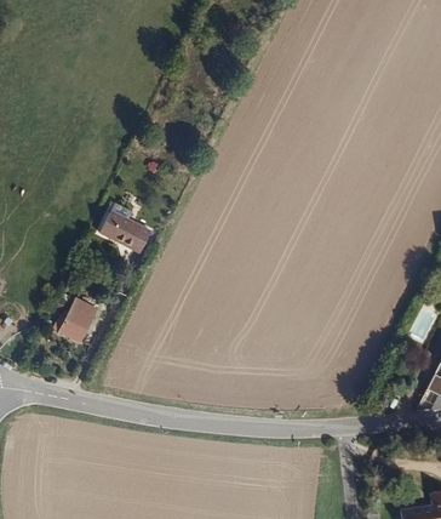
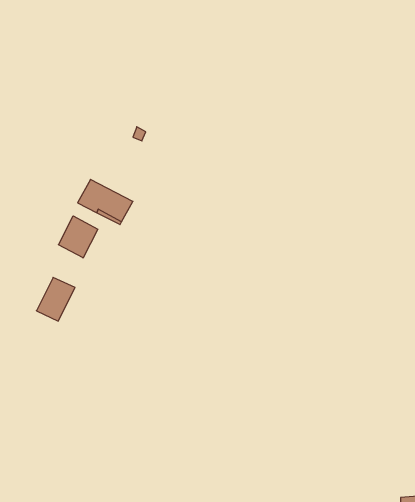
building: none -> [58,216,98,258]

